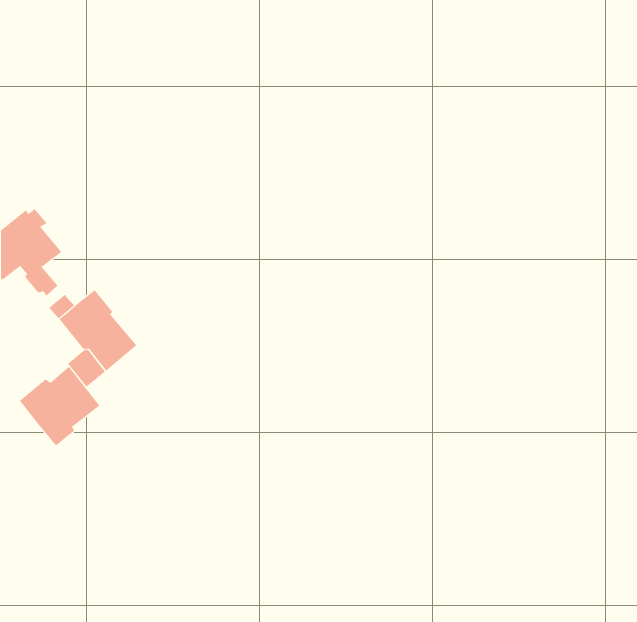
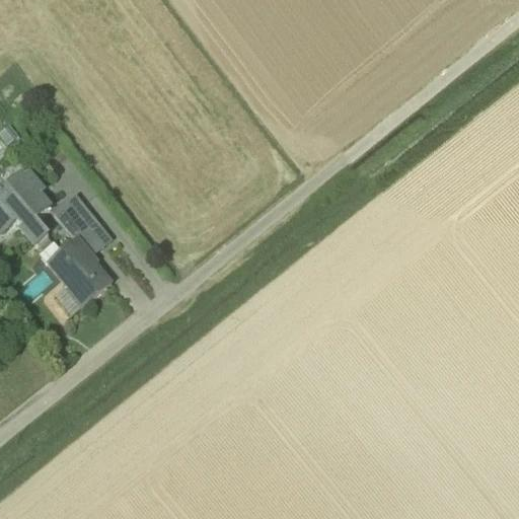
building: none -> [54,192,112,252]
building: [19,366,100,446] -> none

